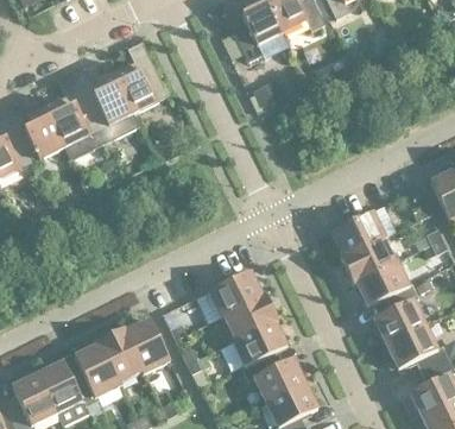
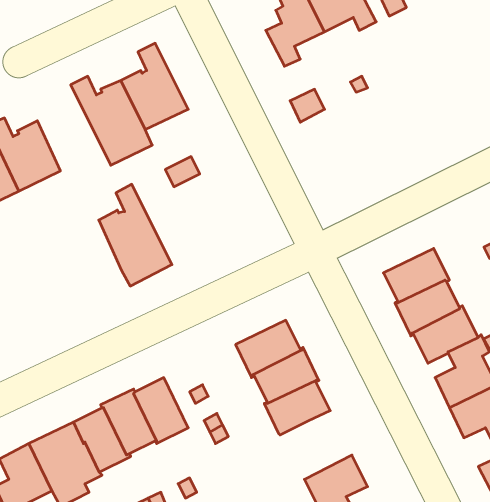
building: [44,76,105,160] -> [99,184,172,286]
building: [241,354,304,403] -> none

